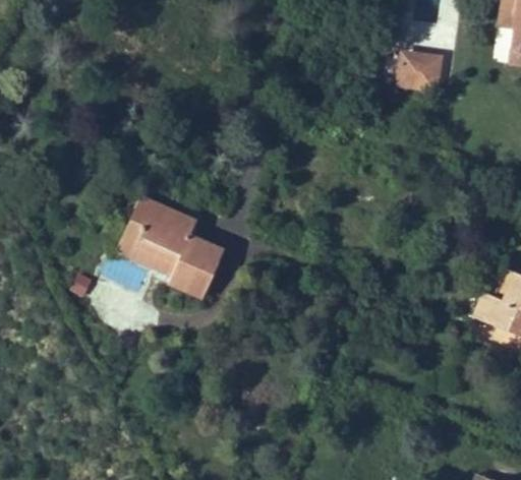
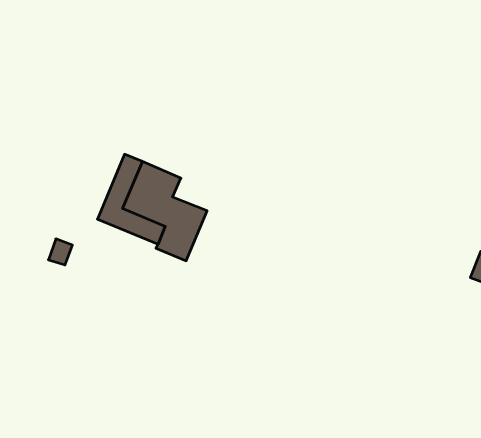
building: [395,50,443,88] -> none

